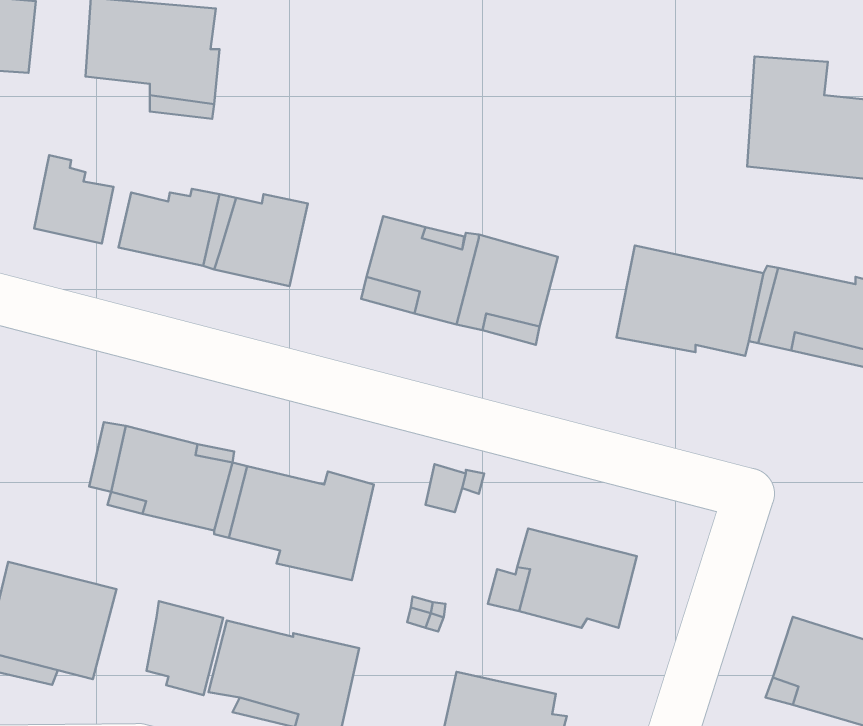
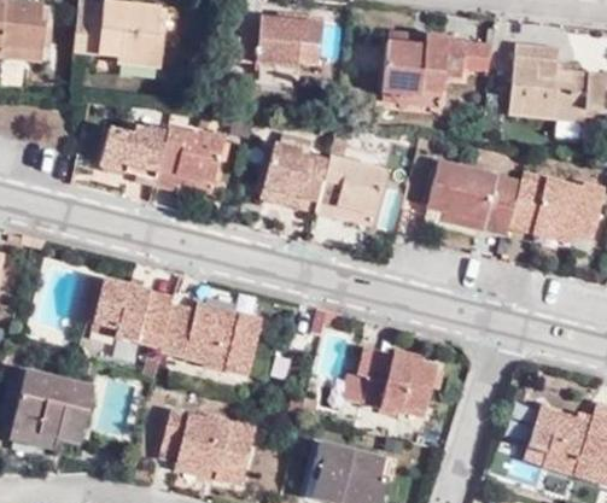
building: none -> [241,14,325,64]
building: none -> [387,27,472,96]
building: [34,155,113,243] -> none
building: [147,601,223,695] -> none

